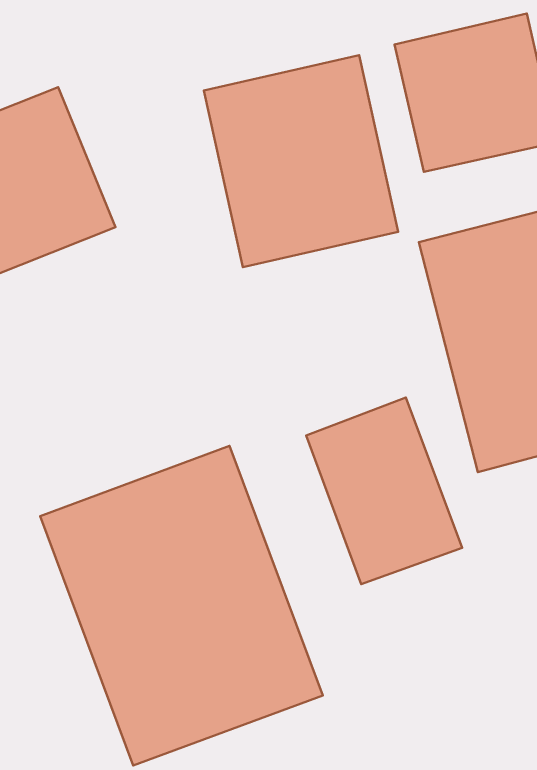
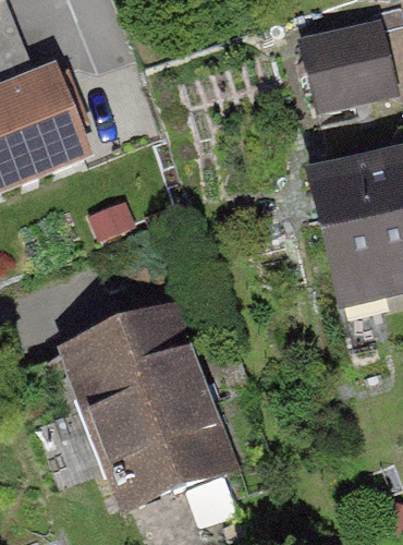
building: [204,55,398,267] -> none
building: [306,397,462,584] -> none

